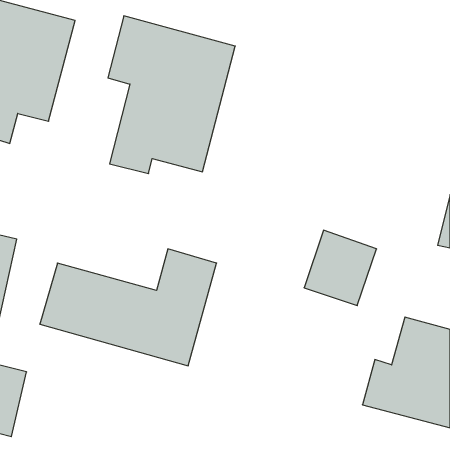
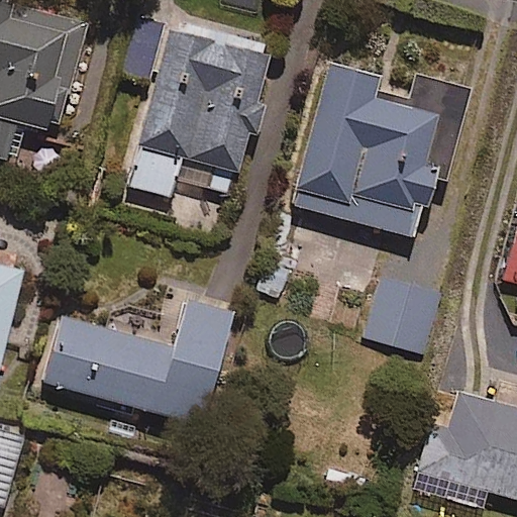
building: none -> [290,70,469,243]

